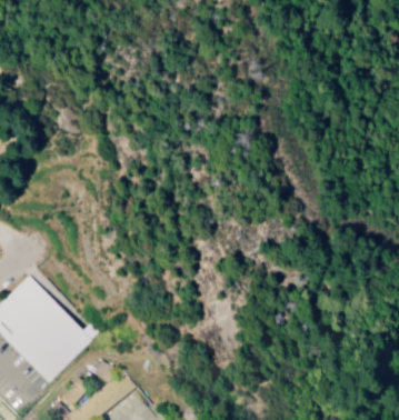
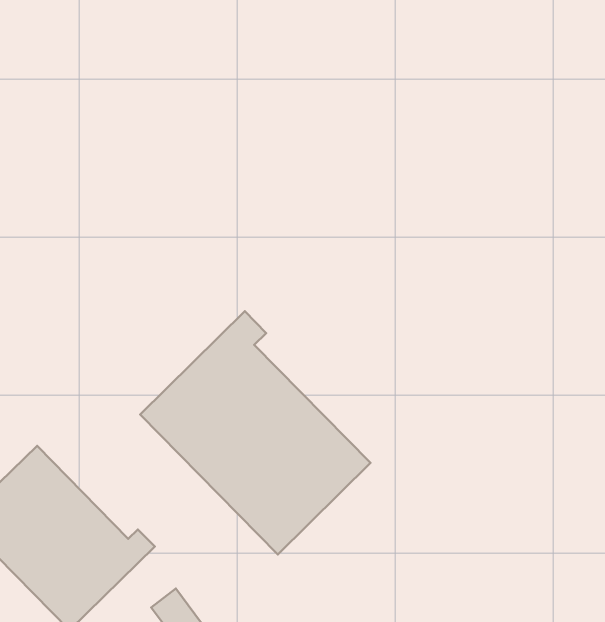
building: none -> [140,311,371,555]

